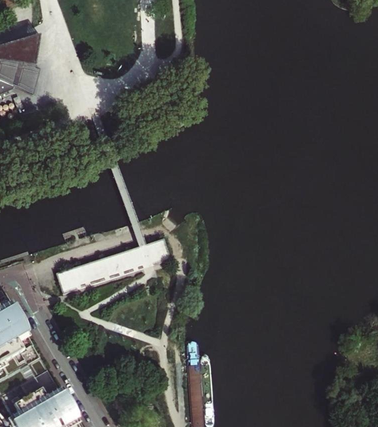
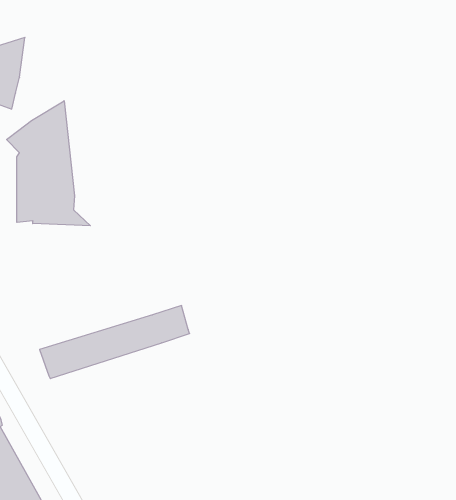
building: none -> [7,101,90,226]

